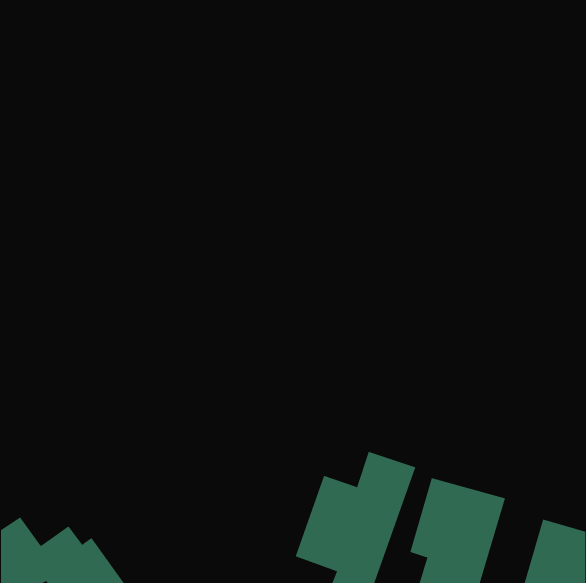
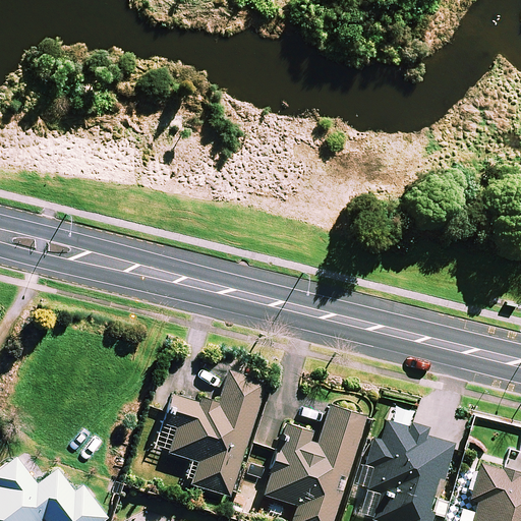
building: none -> [160,371,266,501]

